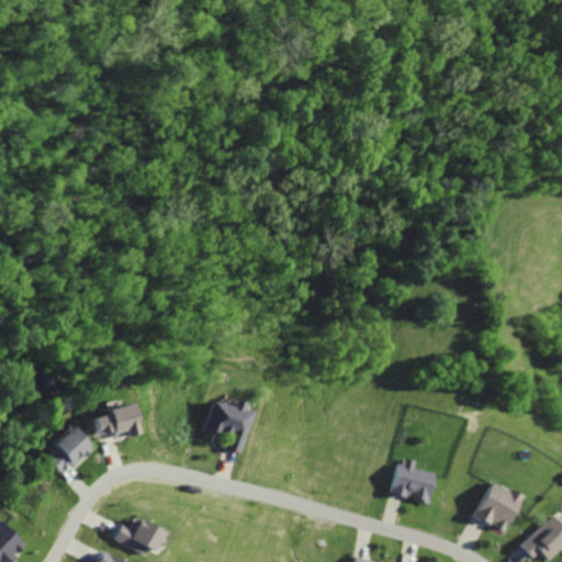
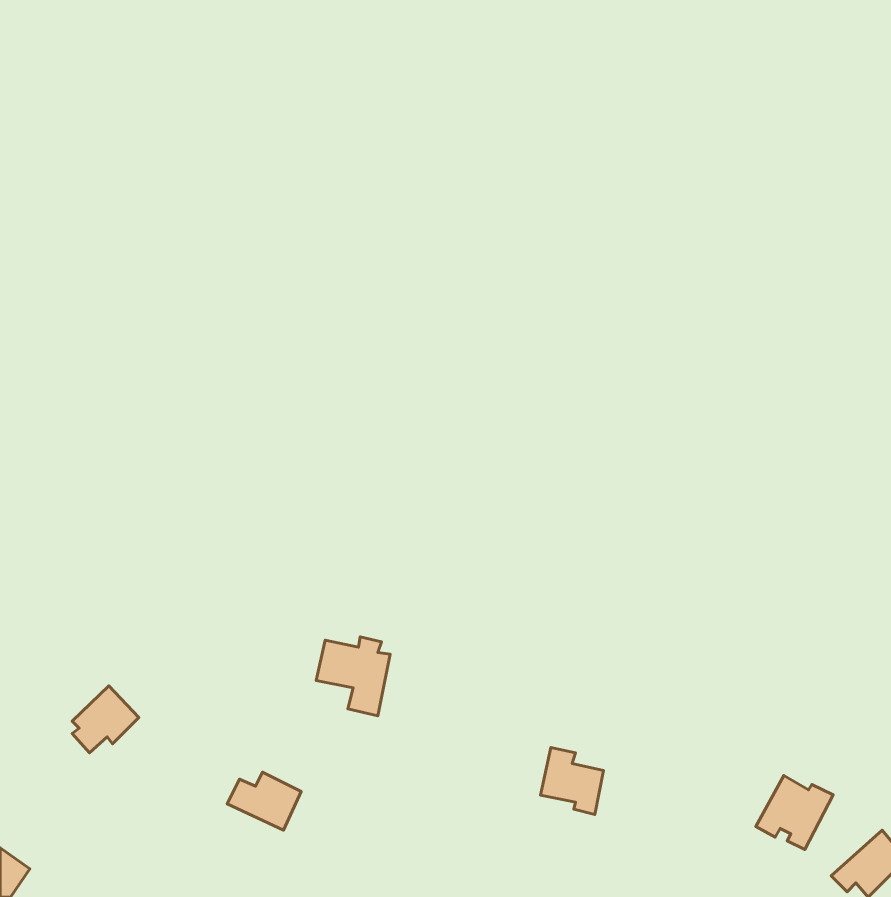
building: [90,402,136,438] -> none
building: [394,458,434,499] -> [540,748,604,814]
building: [114,519,160,555] -> [227,772,301,830]

